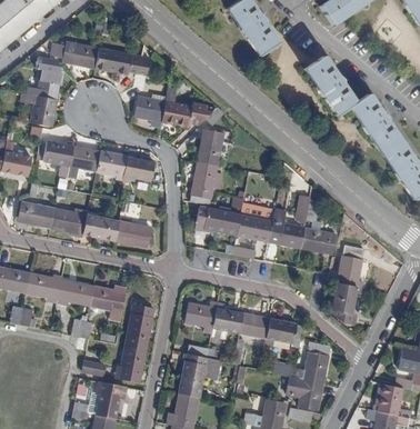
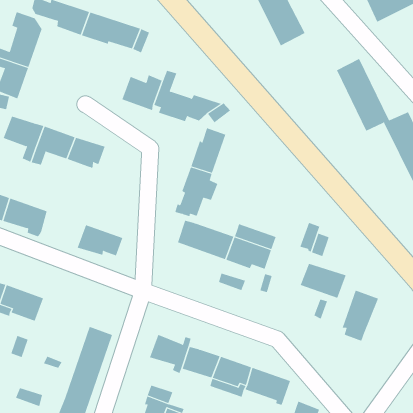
building: [122,156,153,181] -> none
building: [270,209,304,247] -> none
building: [84,214,119,241] -> none
building: [331,281,357,323] -> none
building: [89,286,126,320] -> none

